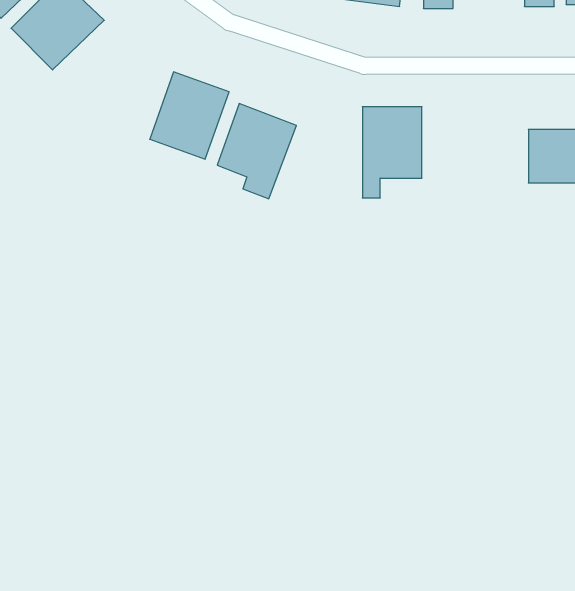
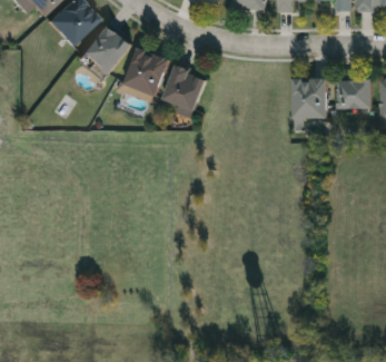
building: none -> [80,23,130,75]
building: [362,107,422,198] -> [293,78,326,129]

